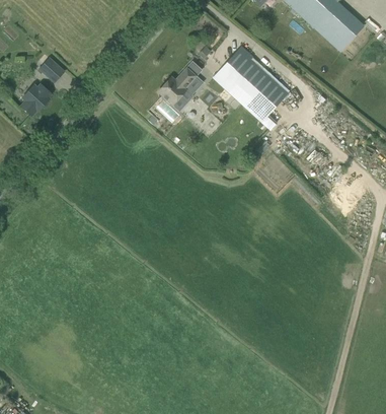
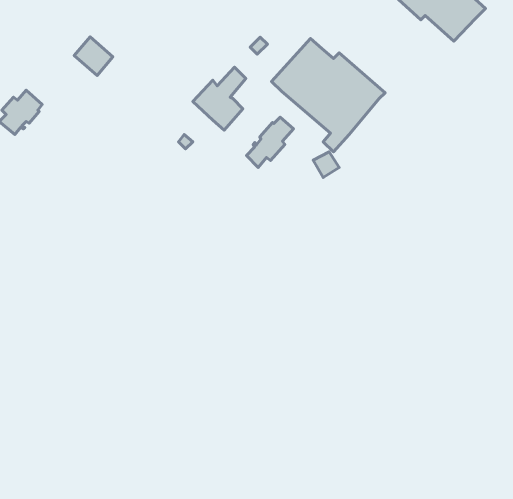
building: [37,56,65,83] -> [74,37,113,76]
building: none -> [246,117,294,167]

